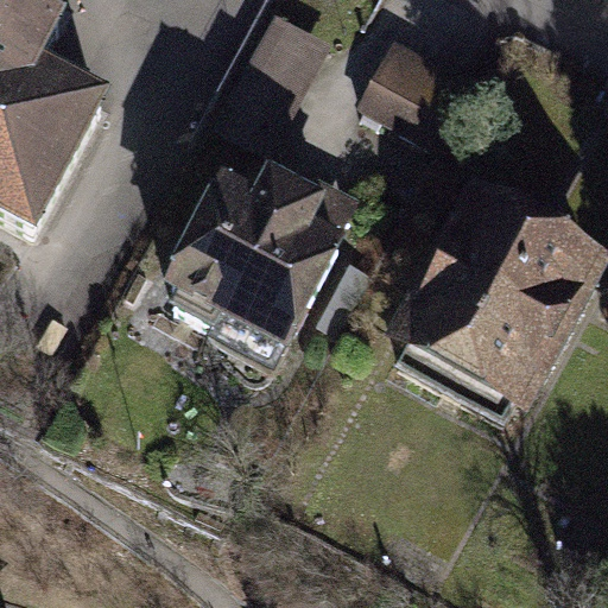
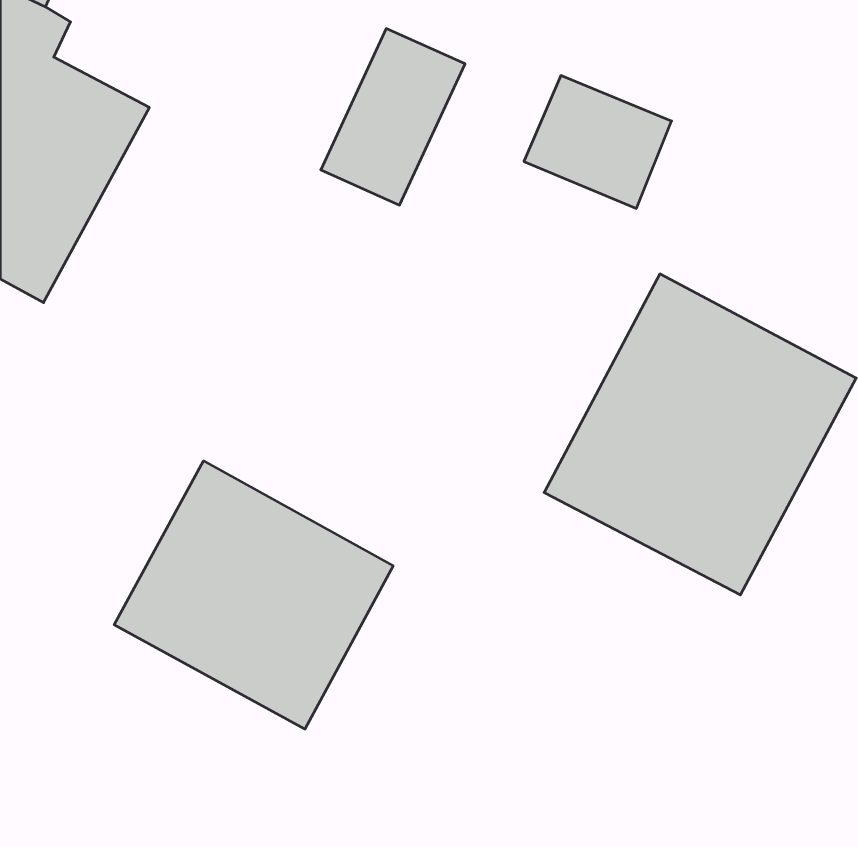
building: [154,166,356,350] -> none
building: none -> [114,461,393,729]

